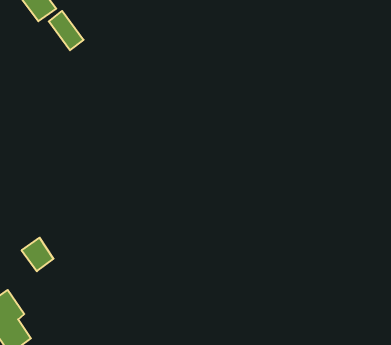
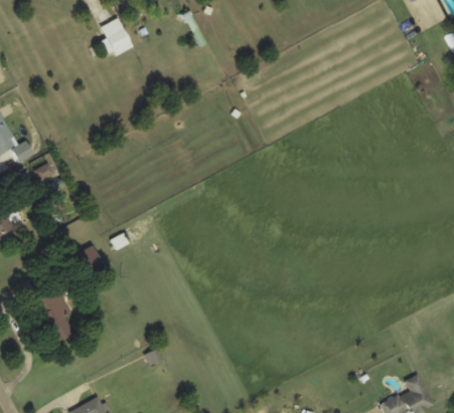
building: [49,11,84,50] -> none

